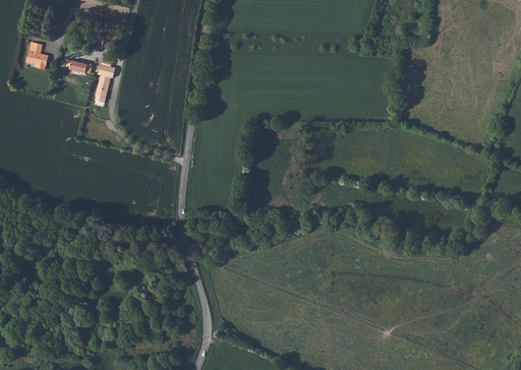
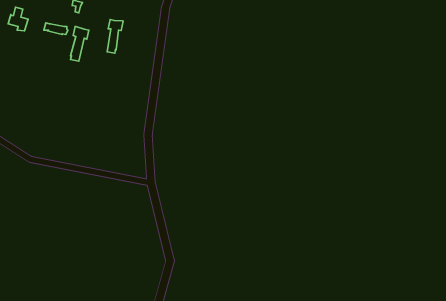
building: none -> [107,20,123,53]

